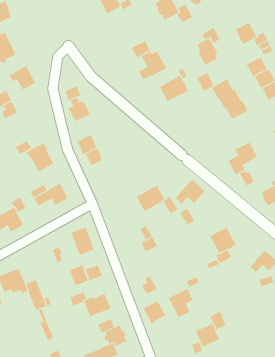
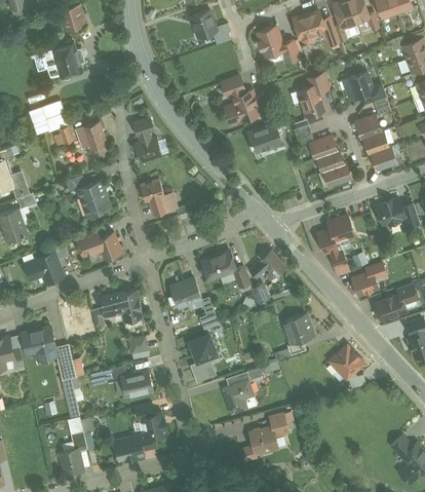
building: [9,66,36,90] -> [76,121,107,150]
building: none -> [169,277,200,308]
building: [69,264,89,286] -> [100,293,121,317]
building: [143,300,166,324] -> [189,334,216,361]

